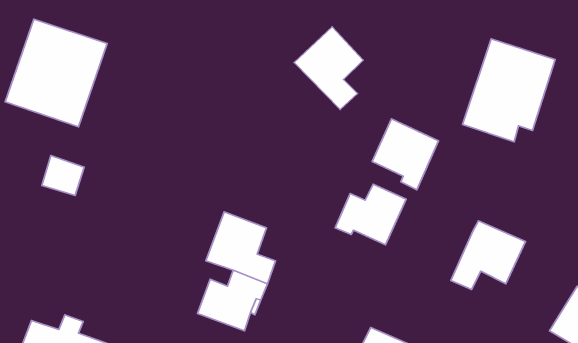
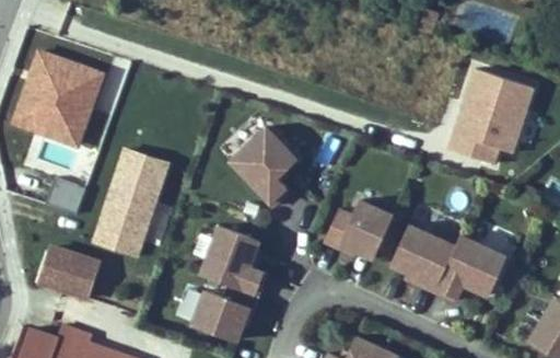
building: [294,27,363,109] -> [230,127,295,206]
building: [372,119,439,190] -> [392,224,455,292]
building: none -> [91,140,168,255]
building: none -> [40,251,98,301]

